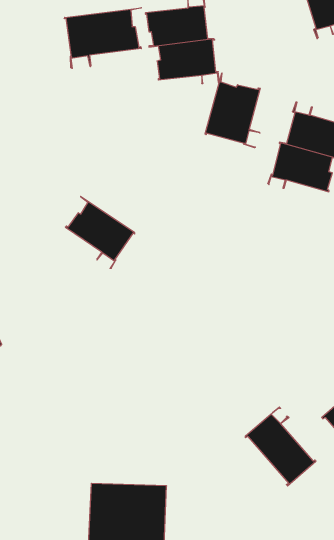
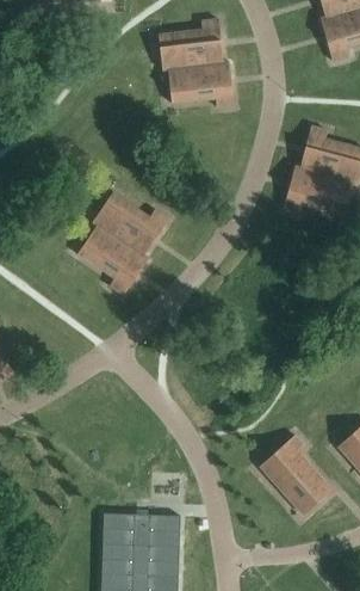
building: [64,8,141,68] -> none
building: [205,73,260,148] -> none
building: none -> [92,192,167,258]

